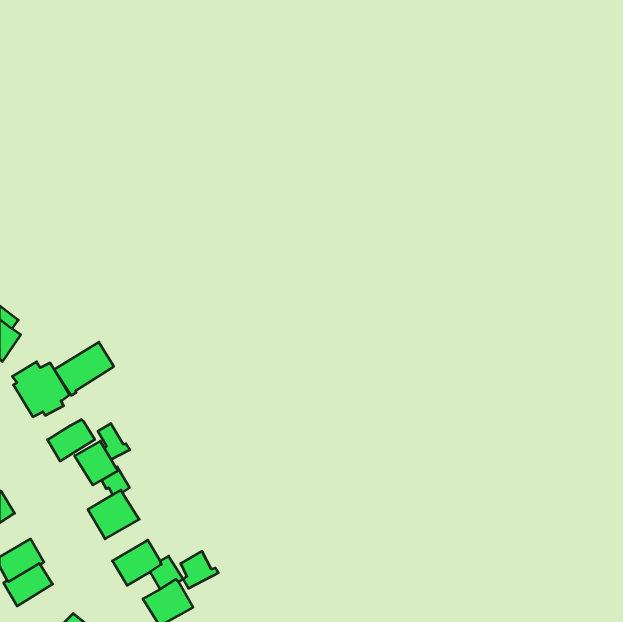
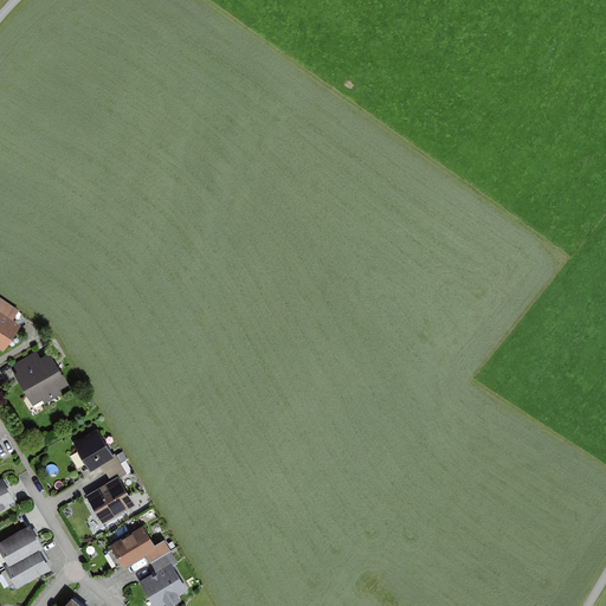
building: [54,342,113,395] -> none
building: [47,419,95,461] -> none
building: [98,423,130,459] -> none
building: [181,551,218,588] -> none

